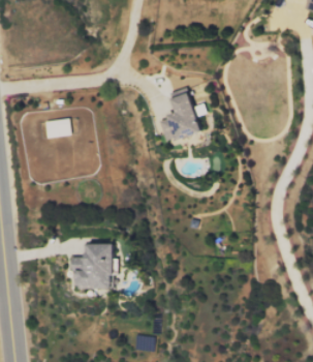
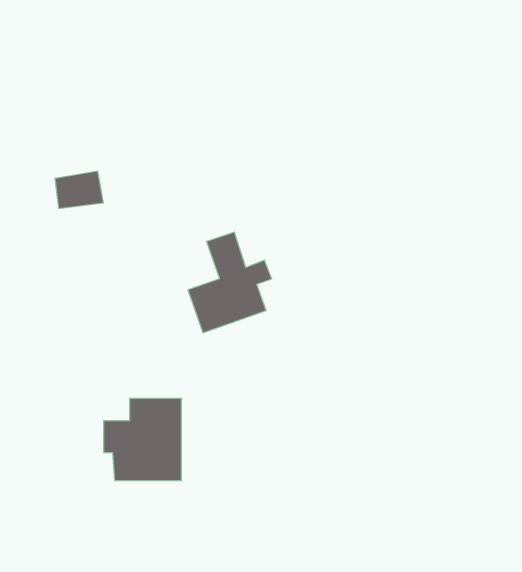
building: [160,87,207,143] -> [188,232,272,333]

